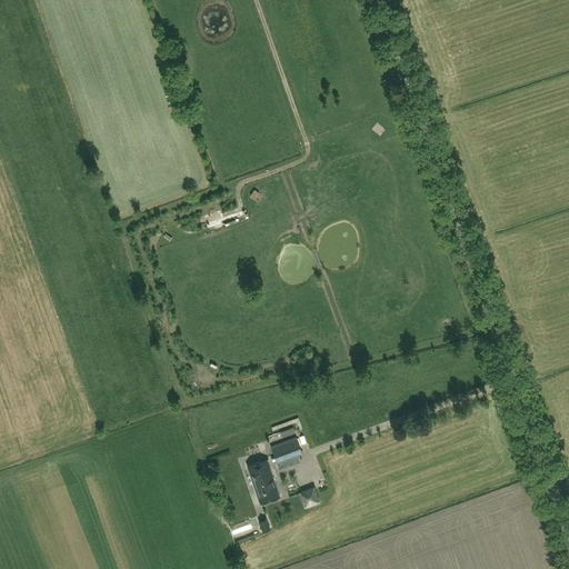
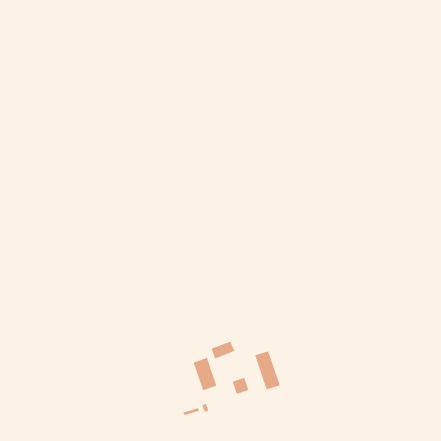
building: none -> [255,351,280,390]

